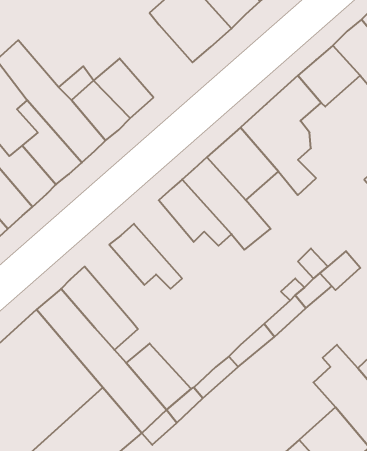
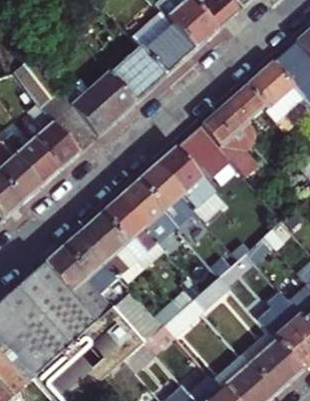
building: none -> [108,44,165,100]
building: none -> [119,179,177,241]
building: none -> [81,214,129,274]

